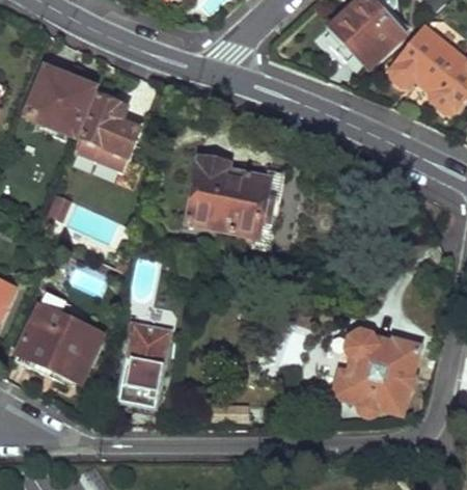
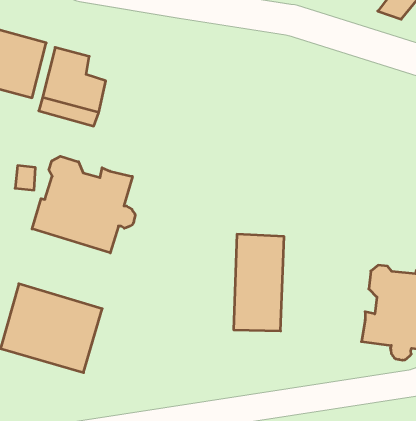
building: [191,158,277,232] -> none
building: none -> [32,156,135,253]
building: [116,318,173,409] -> [234,234,284,331]

